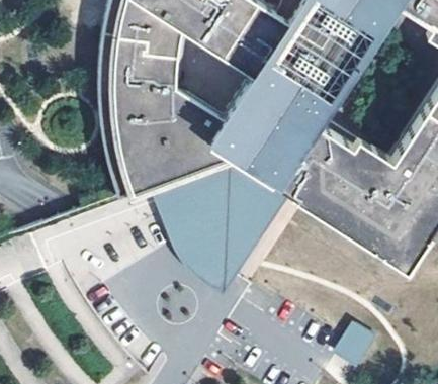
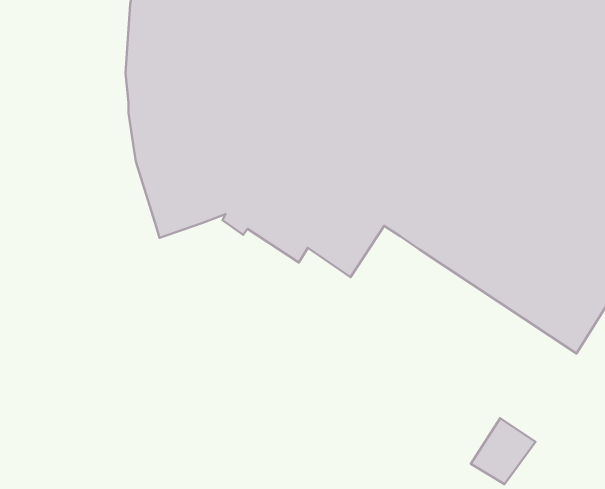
building: [152,178,288,290] -> none

